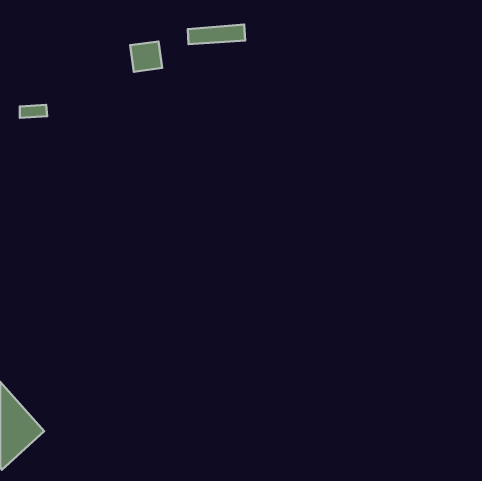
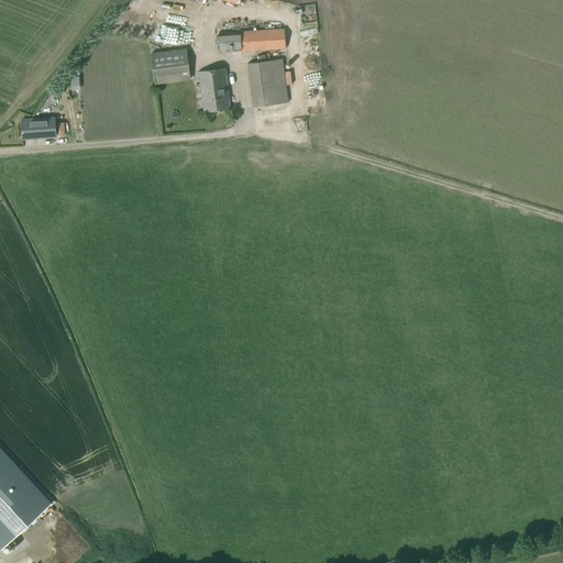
building: none -> [249,59,288,107]
building: none -> [199,68,230,111]

